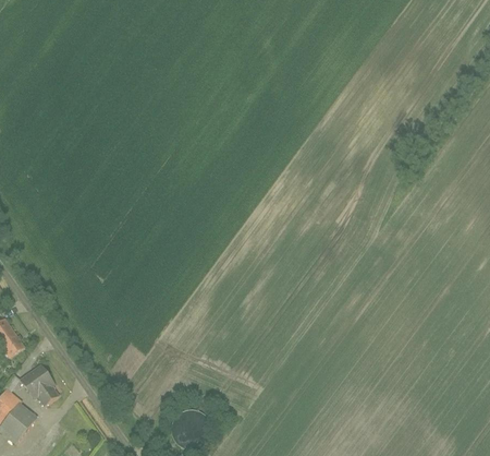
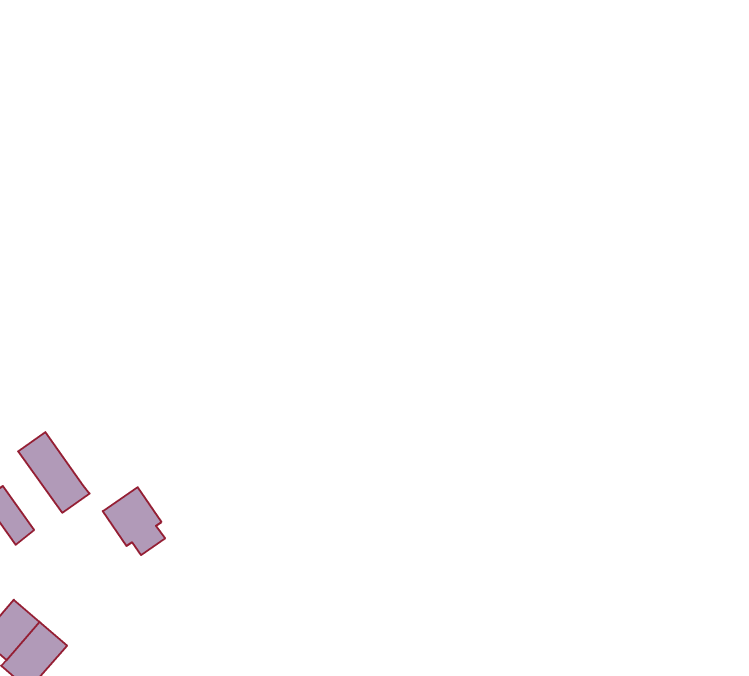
building: none -> [18,432,90,513]
building: [17,362,54,403] -> [103,487,165,555]

